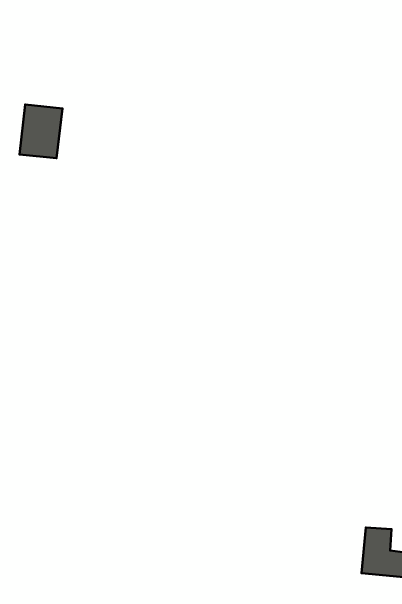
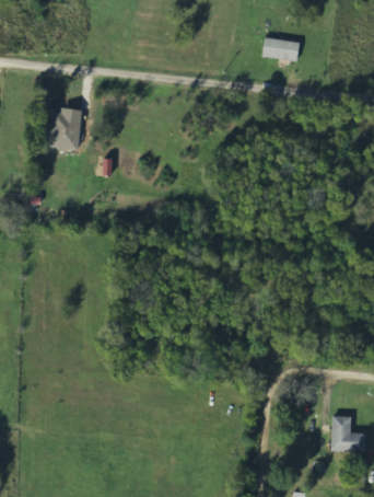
building: none -> [261,37,300,62]

